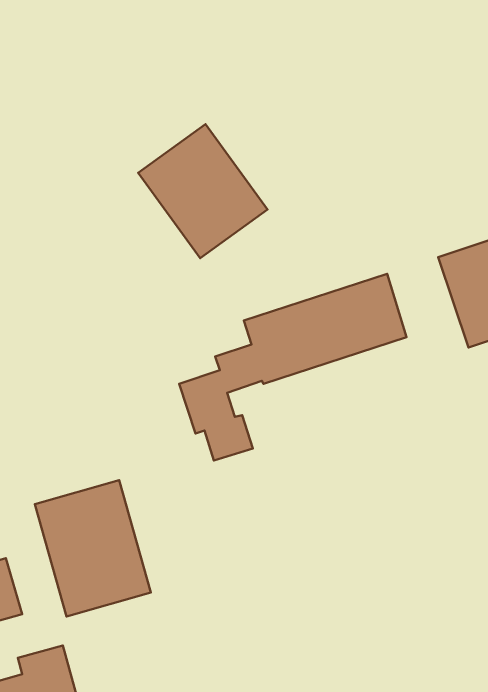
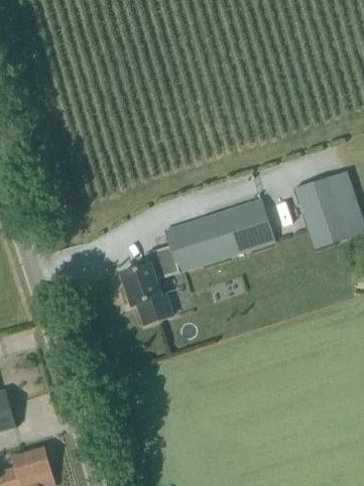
building: [138,124,268,258] -> none
building: [35,480,151,616] -> none

